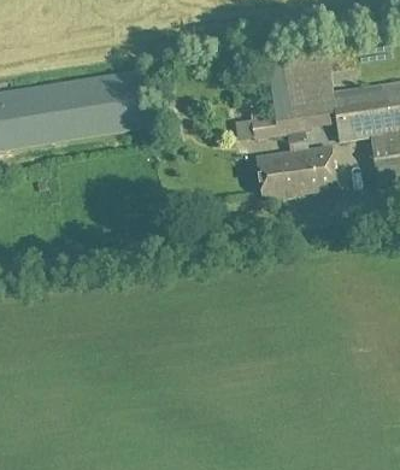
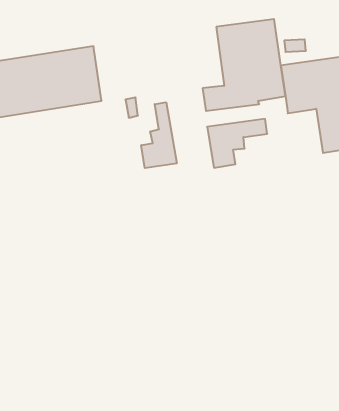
building: none -> [141,102,177,168]
building: [280,145,334,195] -> none

